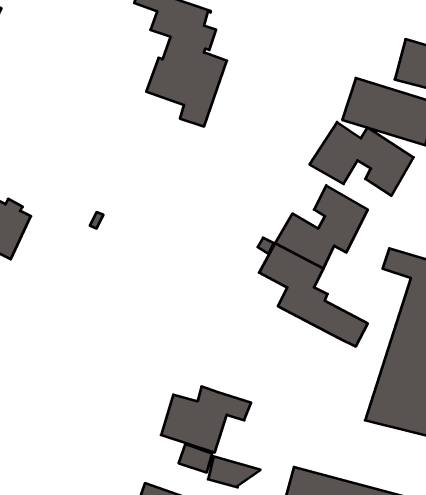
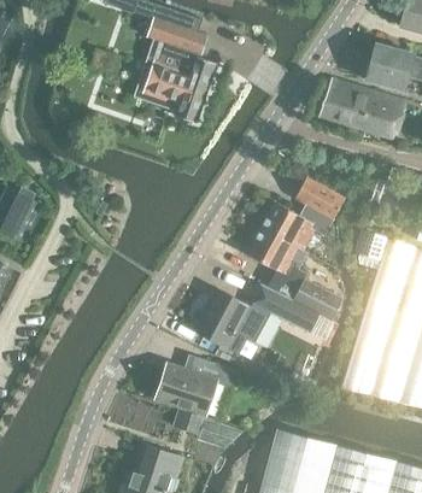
building: [310,122,414,196] -> none
building: none -> [194,284,317,353]

